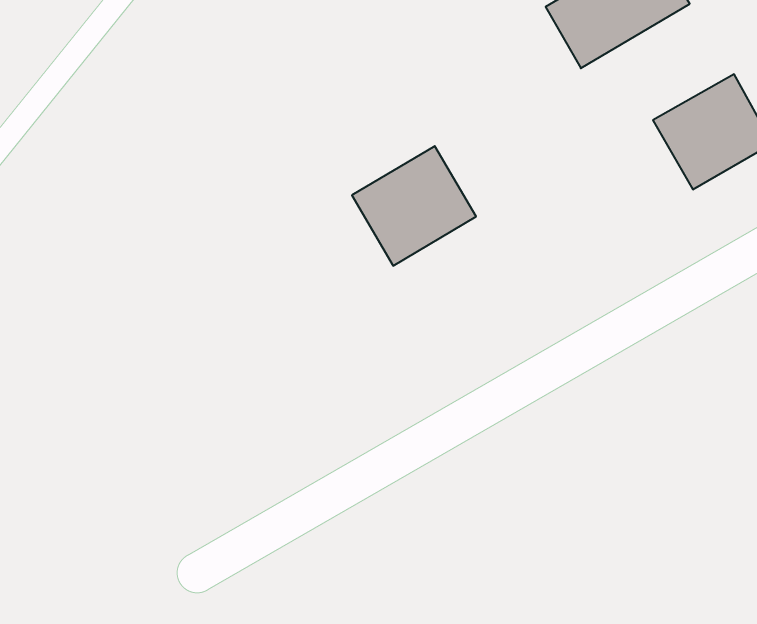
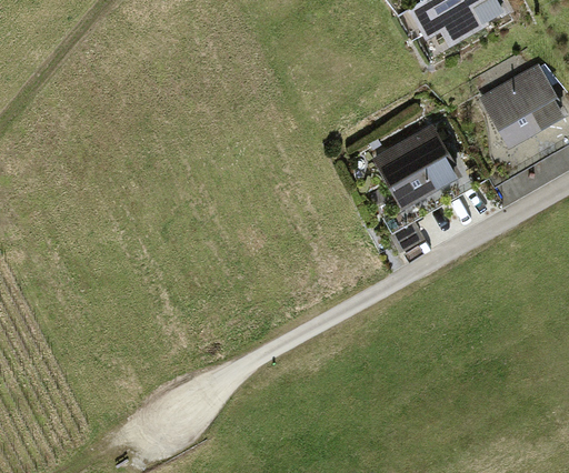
building: [352,146,476,266] -> [371,123,461,210]

